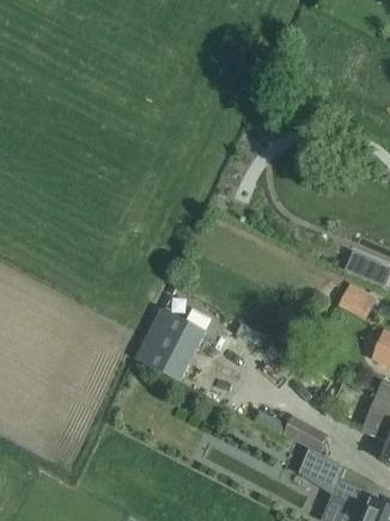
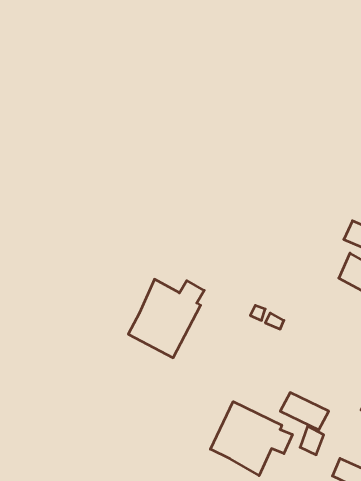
building: none -> [210,402,292,476]

